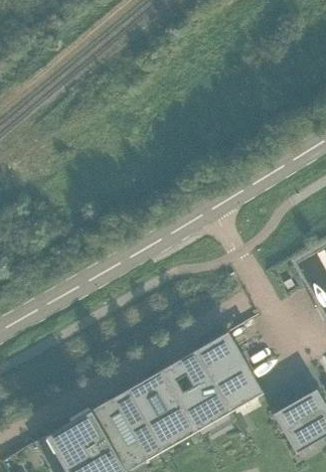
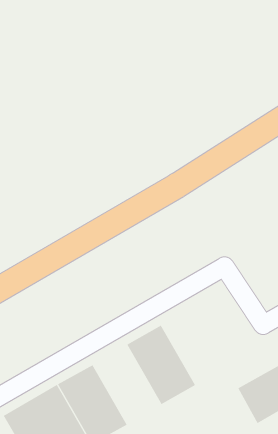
building: [196,331,264,411] -> none
building: [127,369,196,451] -> none

